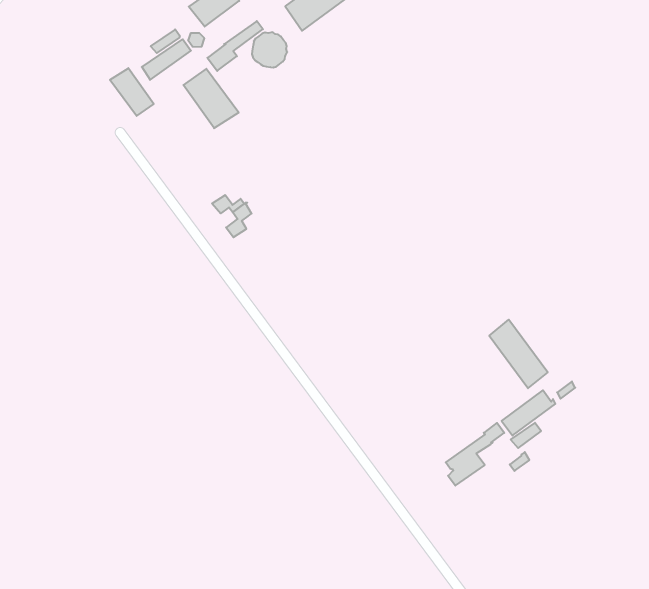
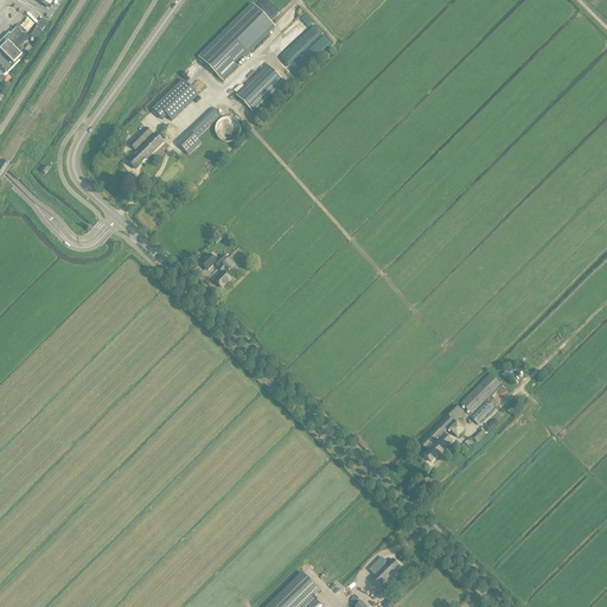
building: [110,68,154,116] -> none
building: [183,69,239,128] -> none
building: [489,320,548,388] -> none

